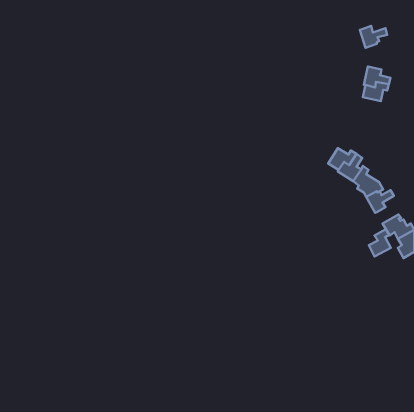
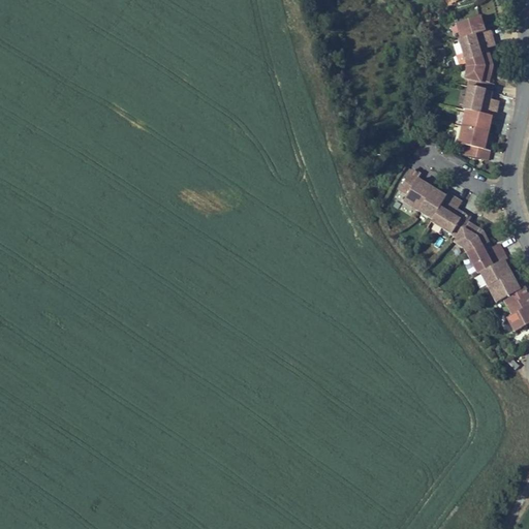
building: none -> [457,15,492,41]
building: none -> [466,52,493,90]
building: none -> [459,124,489,158]
building: none -> [399,168,431,209]
building: [369,229,391,257] -> [480,250,508,285]

